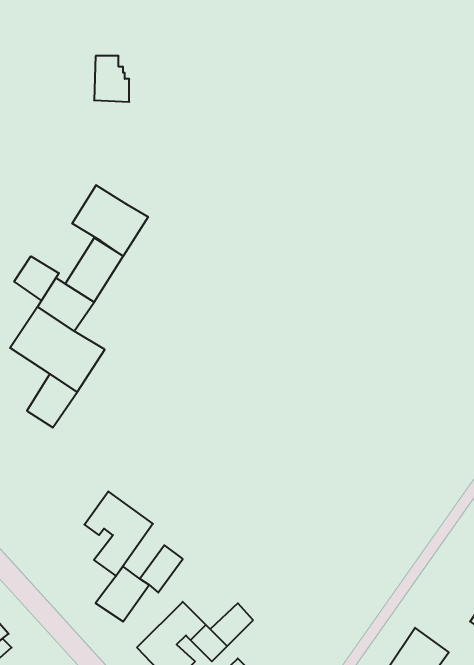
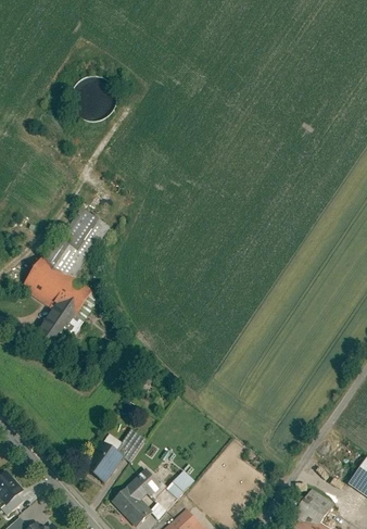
building: [72,185,148,256] -> none
building: [14,256,59,300] -> none
building: [84,491,153,576] -> none

